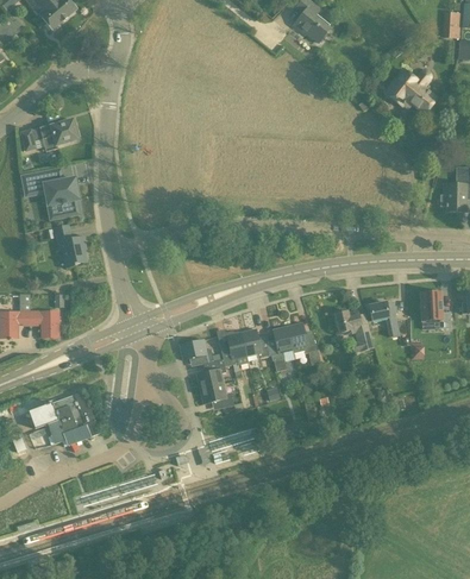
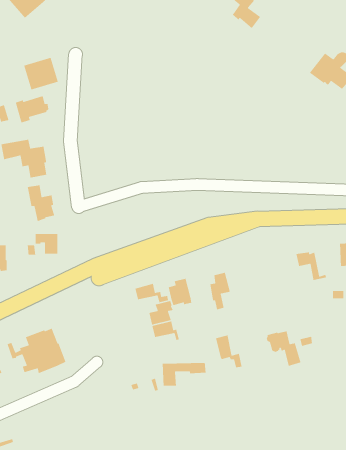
building: none -> [23,57,59,91]
building: [333,309,375,352] -> [266,330,301,367]
building: [31,311,58,336] -> [35,233,58,254]
building: [287,322,319,361] -> [215,335,242,368]
building: [240,329,270,358] -> none

